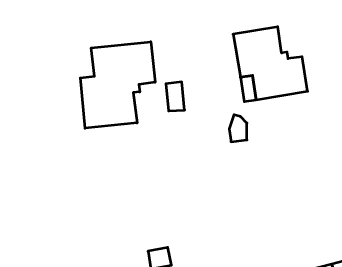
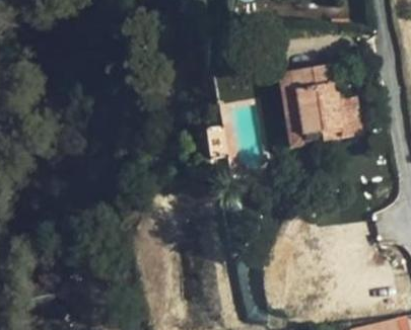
building: [80,42,155,128] -> none

